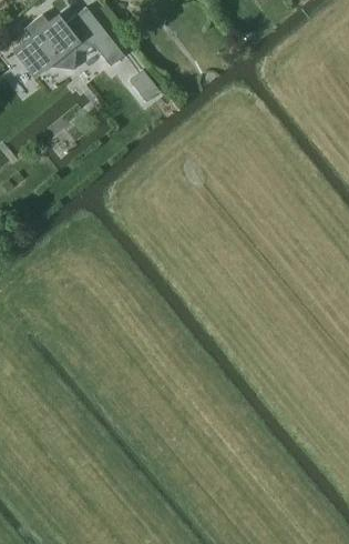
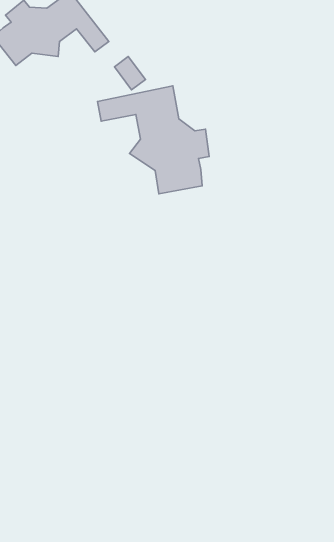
building: none -> [98,86,209,194]

